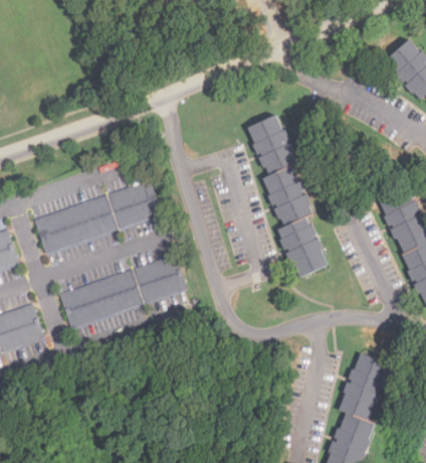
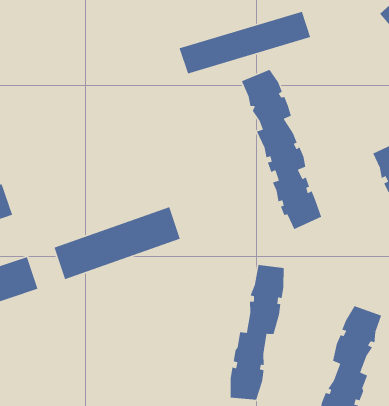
building: none -> [179,11,311,75]
building: [34,180,161,254] -> none
building: none -> [230,264,284,401]

